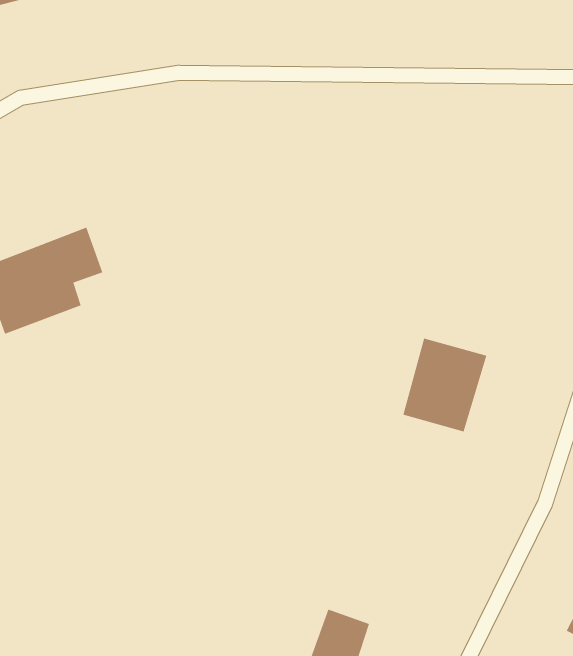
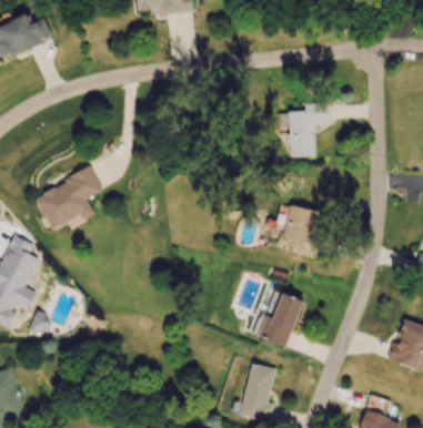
building: none -> [290,102,331,156]
building: none -> [260,292,302,347]

